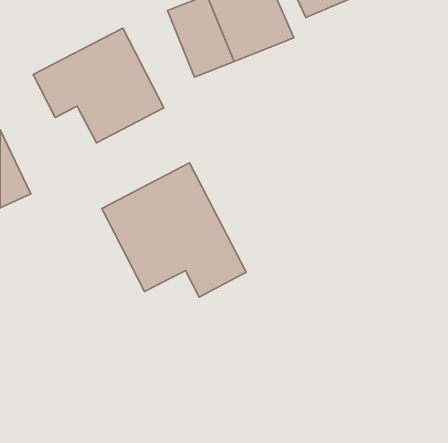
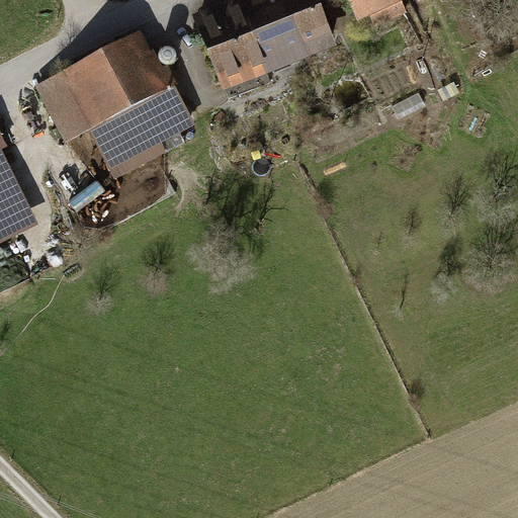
building: [102,163,246,297] -> none

